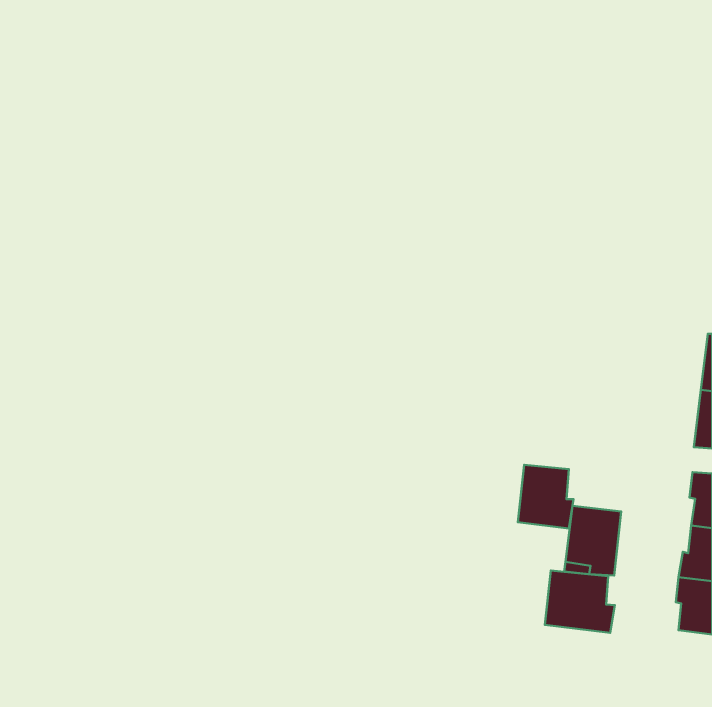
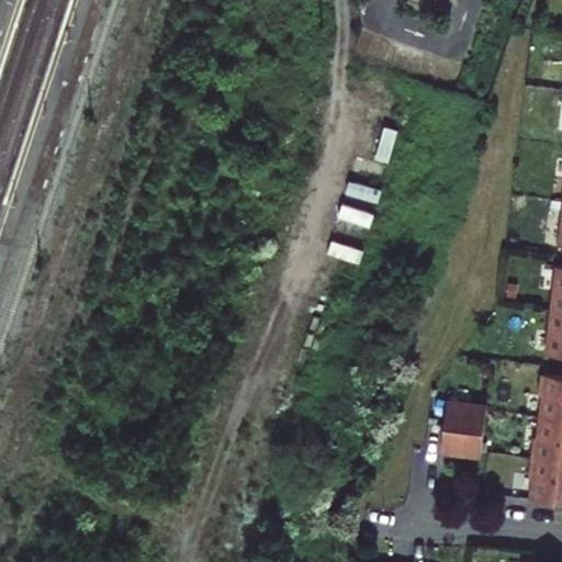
building: [518,465,573,529] -> none
building: [545,570,615,633] -> none

